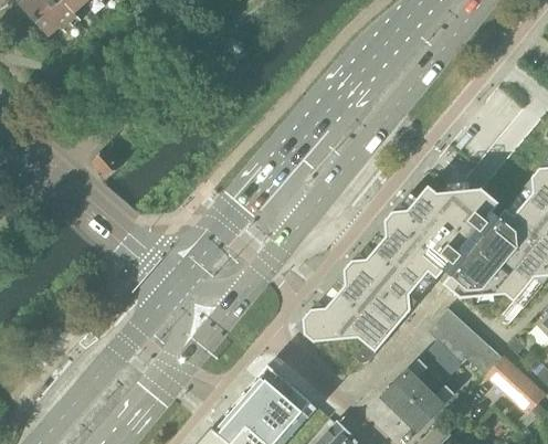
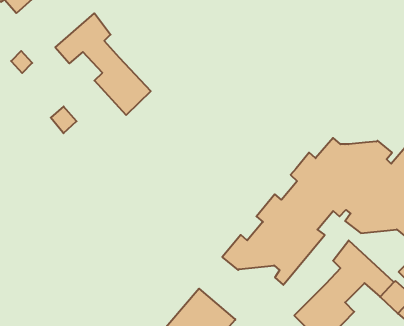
building: none -> [55,13,151,115]

